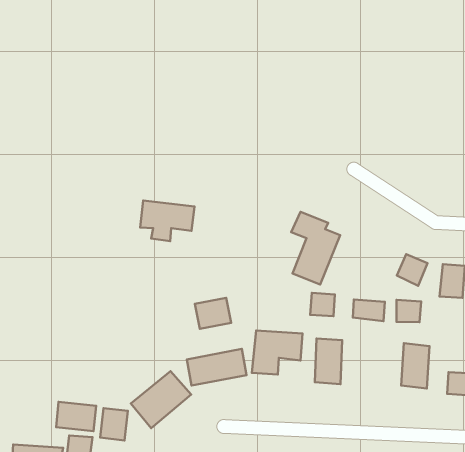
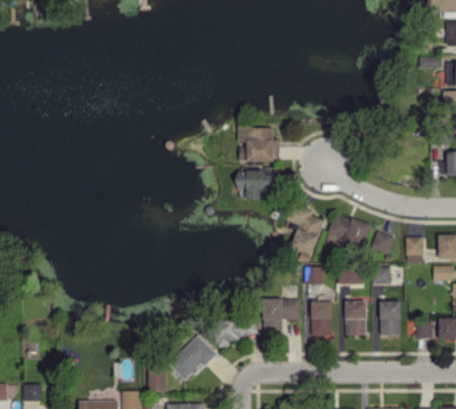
building: none -> [238,126,280,161]
building: [140,200,195,241] -> [236,168,278,199]
building: none -> [325,212,370,252]
building: [195,298,231,329] -> none
building: none -> [346,300,366,335]
building: [56,402,96,431] -> none

